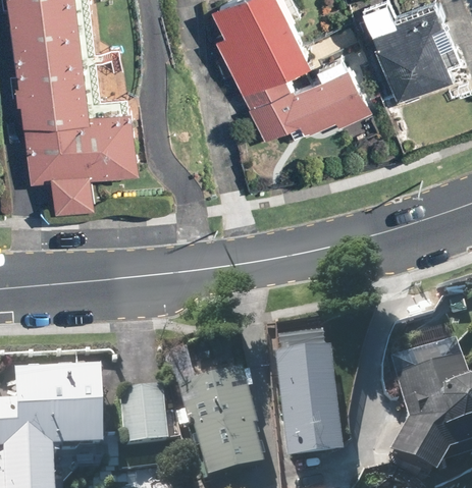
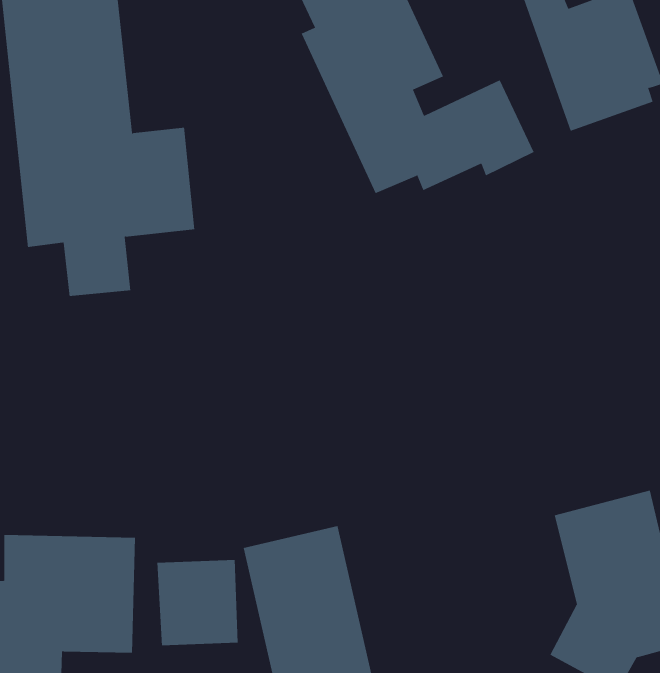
building: [274,347,342,458] -> none

